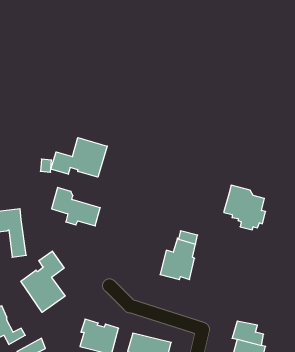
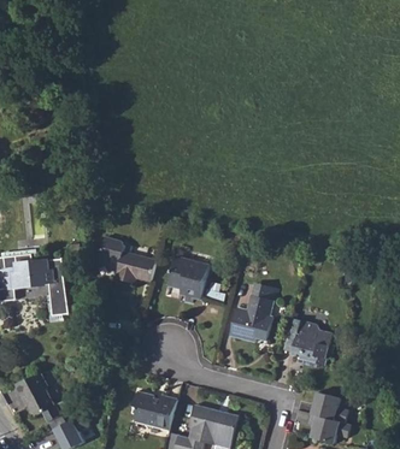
building: [51,138,107,177] -> none
building: [224,185,266,230] -> [281,318,330,371]
building: none -> [169,255,210,301]
building: [21,251,65,312] -> none

